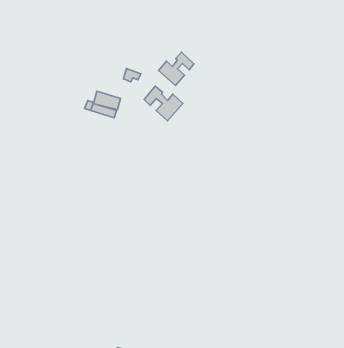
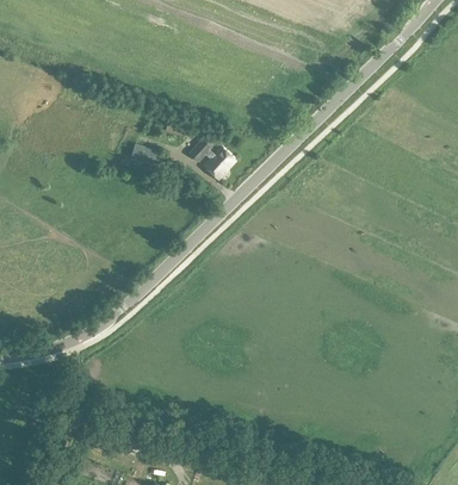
building: [159,52,194,85] -> none

